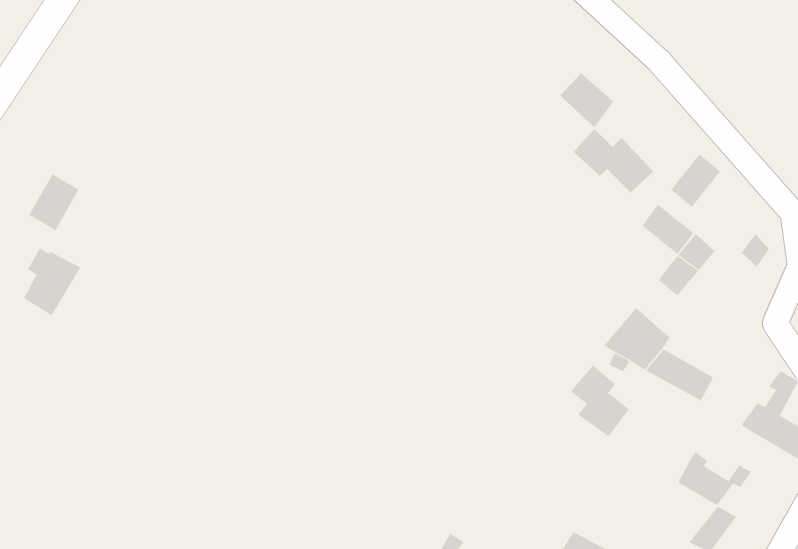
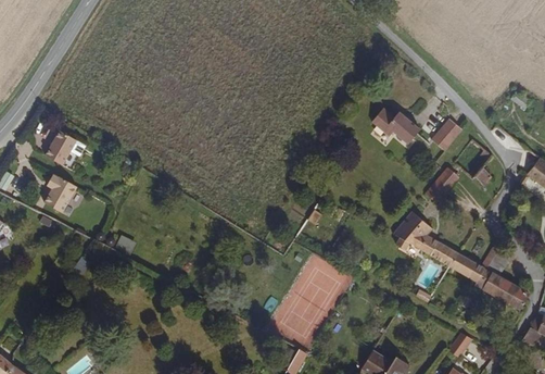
building: [559,72,614,128] -> none
building: [642,204,694,255] -> none
building: [570,365,630,437] -> none
building: [678,452,752,506] -> [449,250,494,283]

